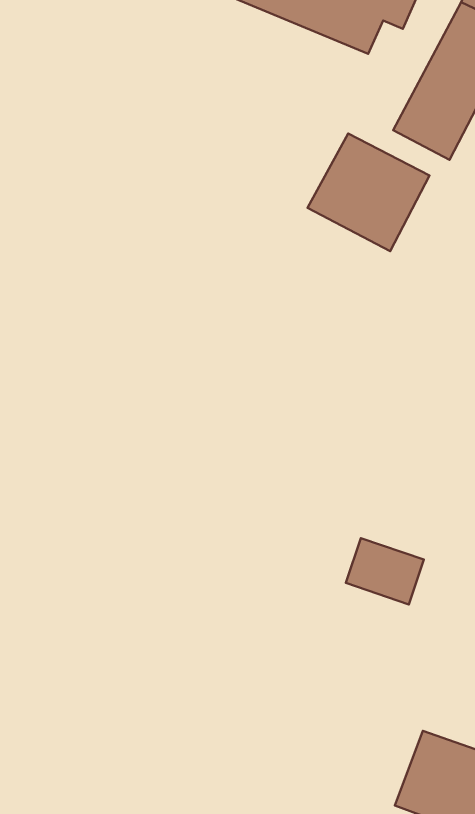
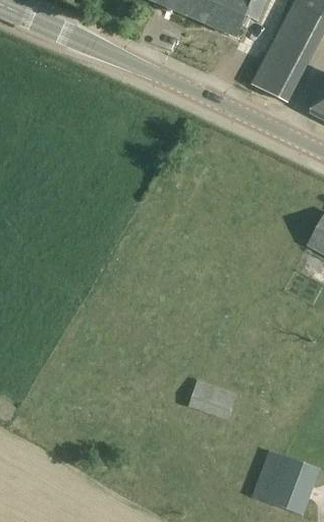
building: [307,134,429,251] -> none
building: [346,538,424,604] -> [188,378,236,419]

